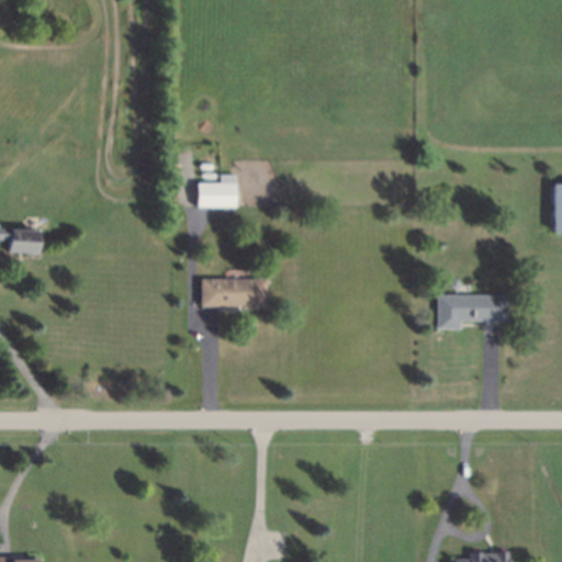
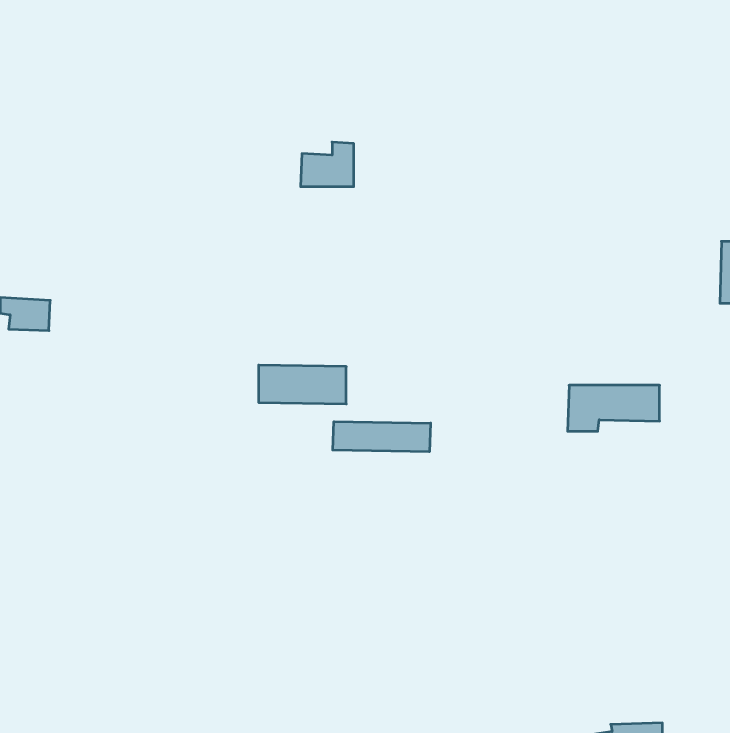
building: [196,175,237,209] -> [301,142,354,187]
building: none -> [333,422,431,452]

